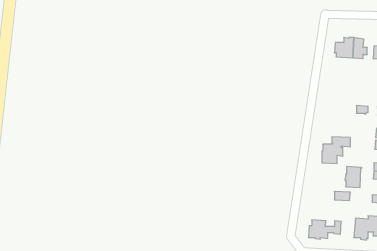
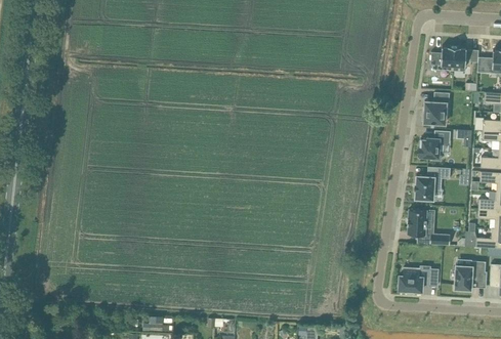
building: none -> [422,92,449,123]
building: none -> [419,130,450,161]
building: [345,167,362,188] -> [407,209,427,235]

